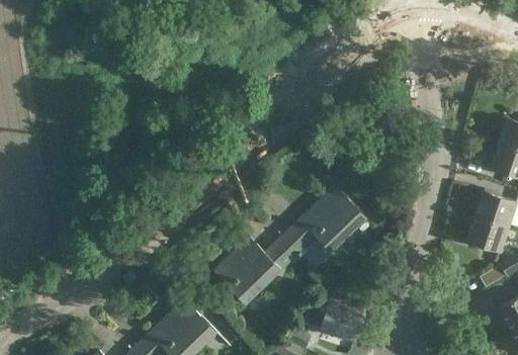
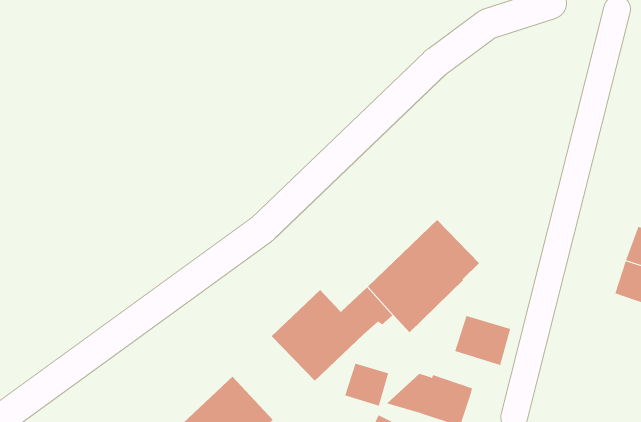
building: none -> [455,315,511,366]
building: none -> [345,363,389,407]

